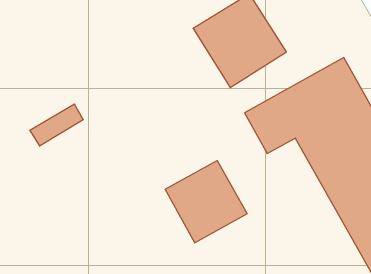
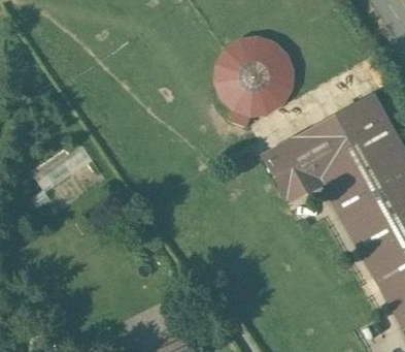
building: [165,161,247,243] -> none

